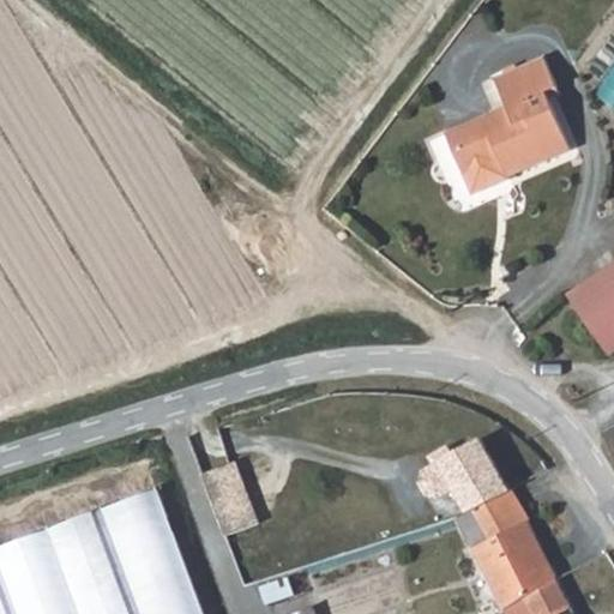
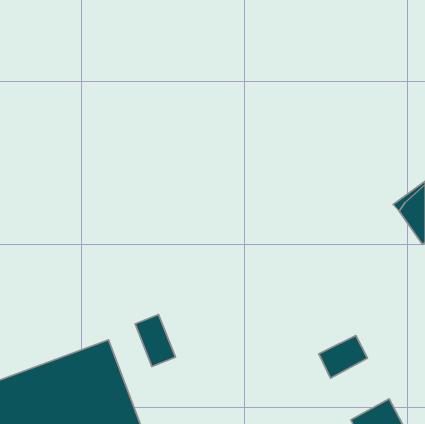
building: [441,60,565,192] -> none
building: [421,433,511,507] -> none
building: [475,518,559,607] -> none

